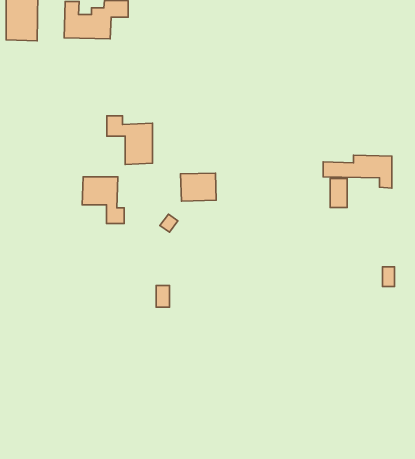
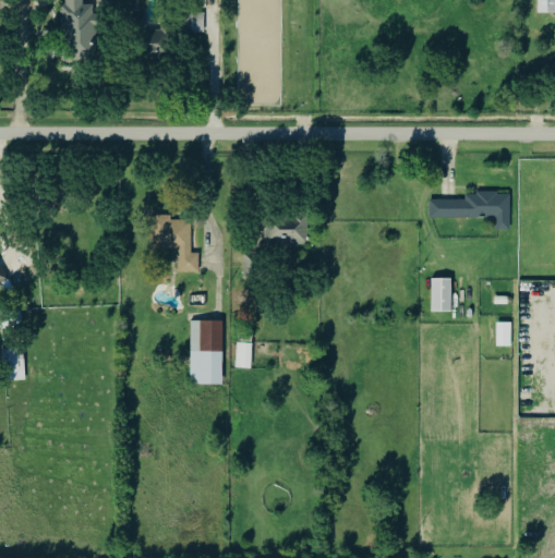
building: [107,116,153,164] -> none
building: [330,178,347,207] -> [431,278,450,312]
building: none -> [190,322,222,385]

